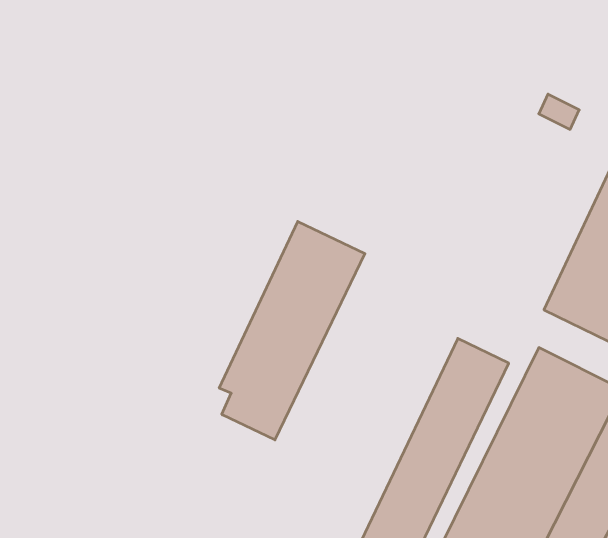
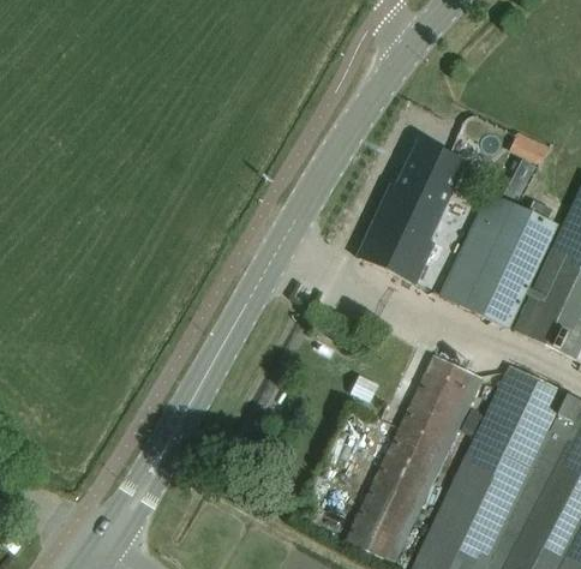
building: none -> [358,138,466,282]
building: none -> [441,191,558,327]
building: [219,221,365,440] -> none

